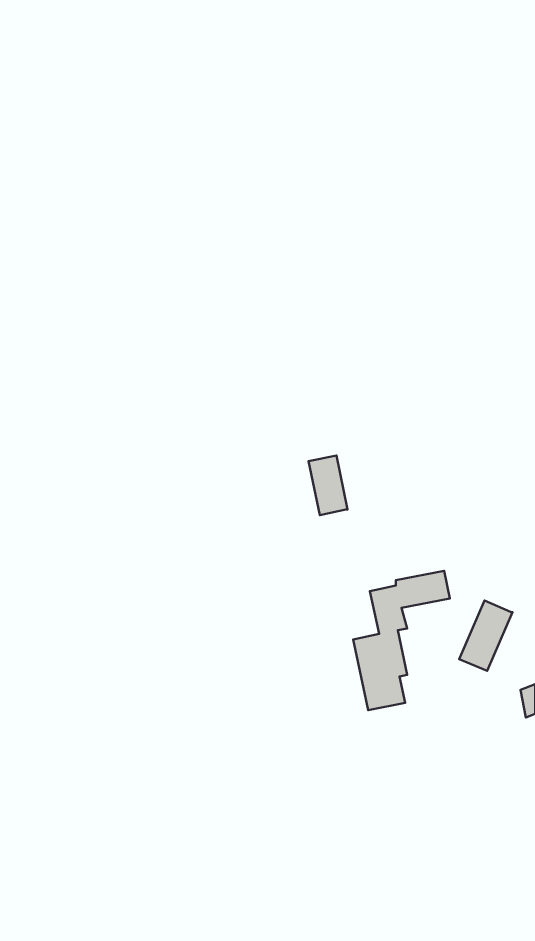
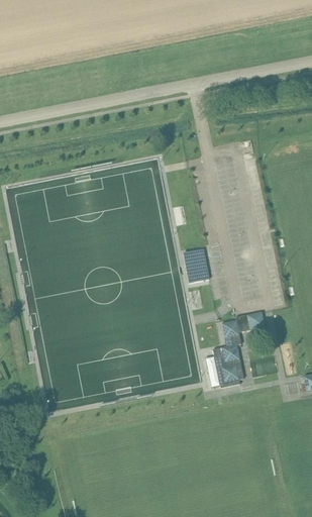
building: [459,600,512,671] -> none

